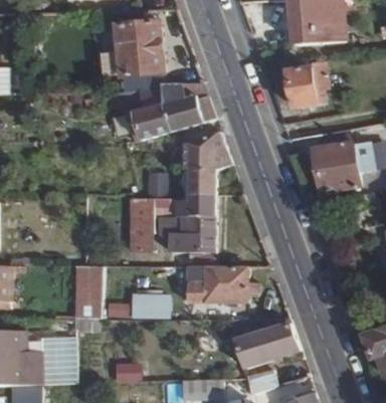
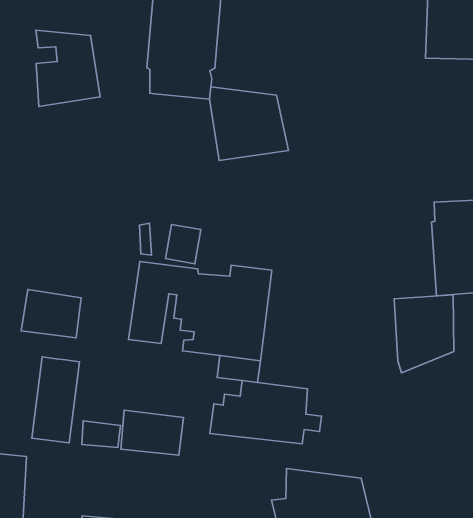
building: [288,62,328,104] -> none
building: [127,89,173,139] -> [36,30,100,107]
building: [185,130,232,193] -> none
building: none -> [394,295,454,373]
building: none -> [21,289,81,338]

